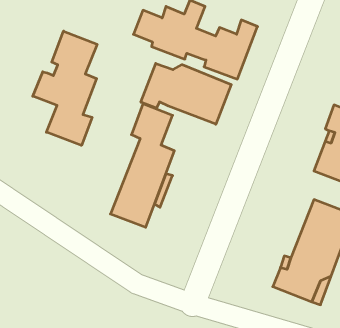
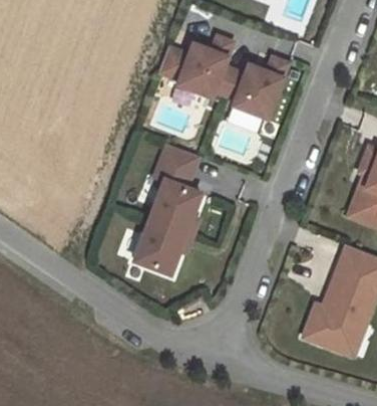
building: [33,31,97,145] -> none
building: [141,63,231,124] -> none

